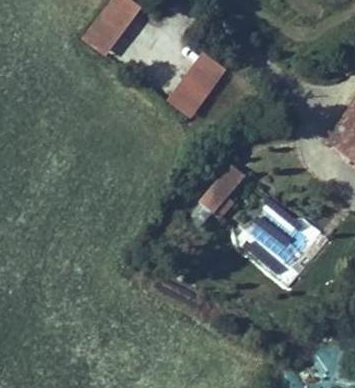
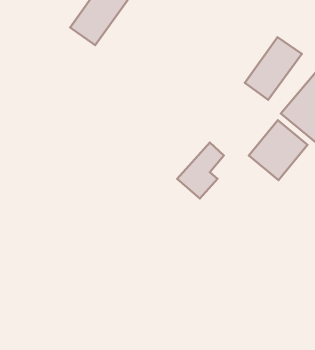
building: [172,49,233,116] -> [245,37,302,100]
building: none -> [249,120,308,180]

